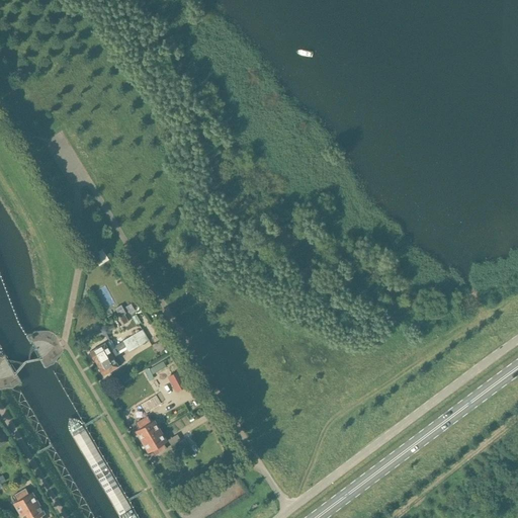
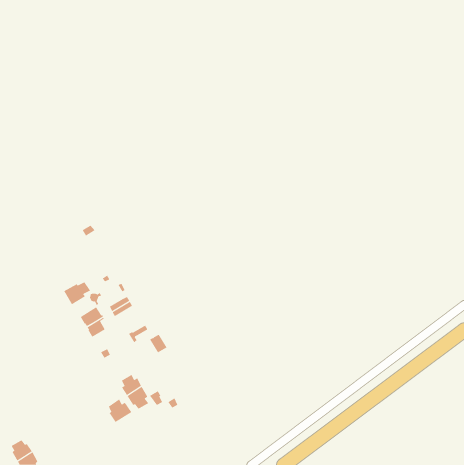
building: none -> [64,282,91,305]
building: none -> [108,398,132,423]

